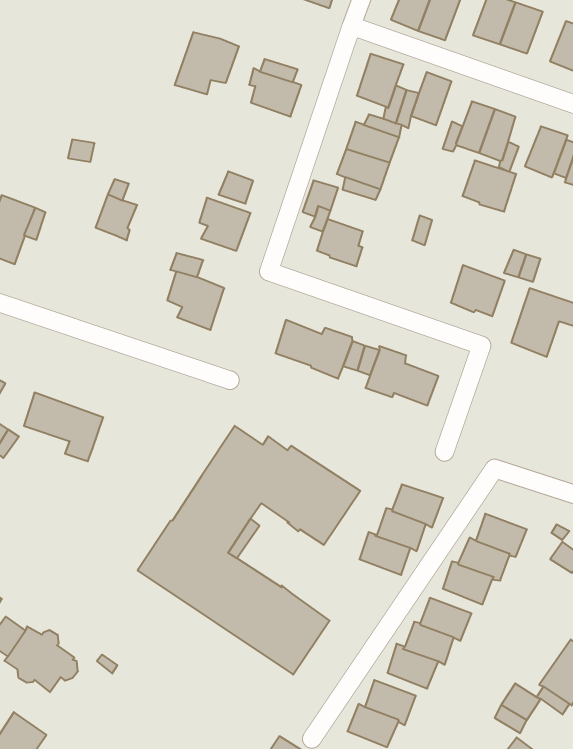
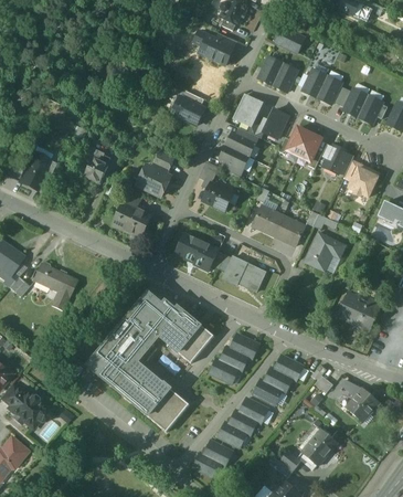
building: [175,32,239,94] -> none
building: [462,160,516,212] -> [253,207,284,236]

